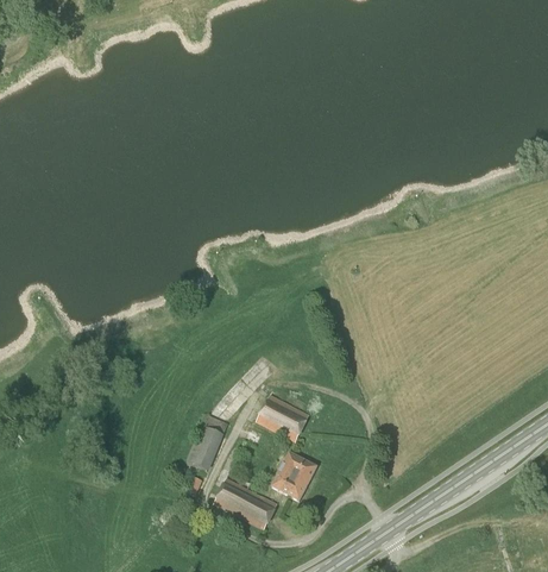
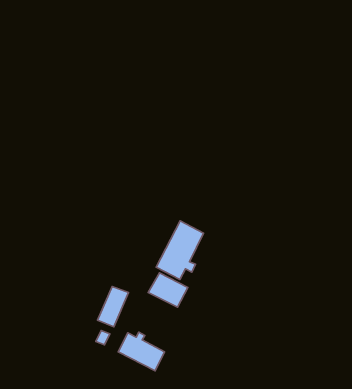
building: none -> [156,221,204,279]
building: [271,452,317,501] -> none

